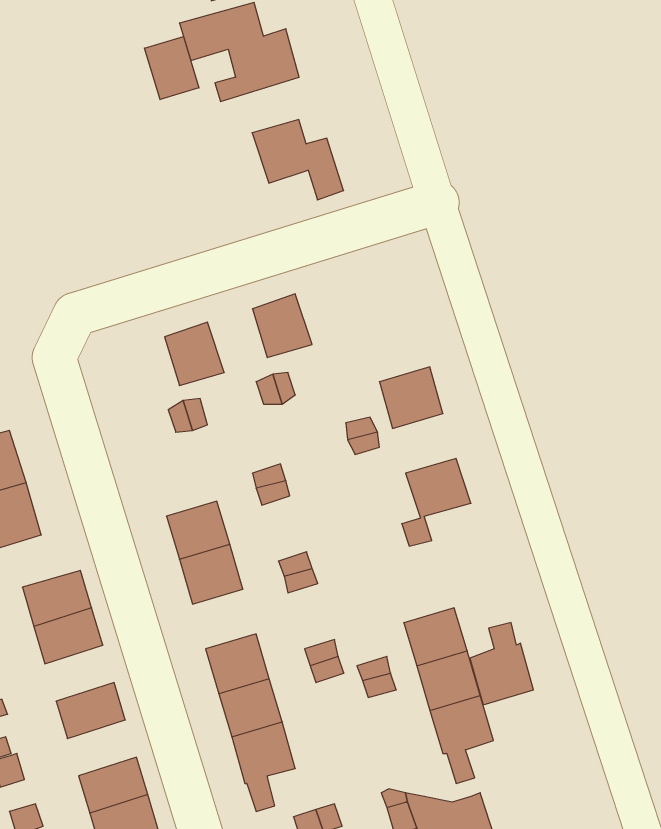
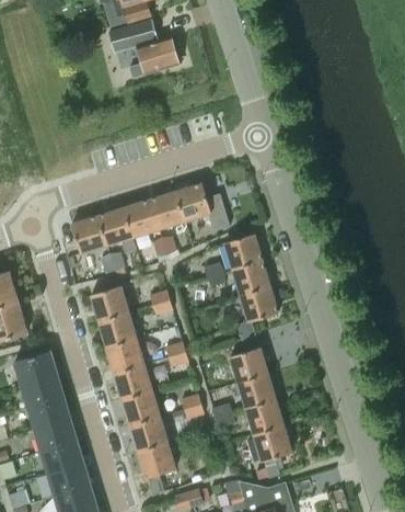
building: [144,36,199,100] -> none
building: [252,120,344,200] -> [175,183,229,230]
building: none -> [124,200,159,237]
building: none -> [72,216,107,253]
building: none -> [232,261,269,296]
building: none -> [91,285,129,321]
building: none -> [115,364,152,399]
building: [470,623,533,705] -> [231,335,268,384]
building: none -> [28,397,69,430]
building: none -> [42,441,82,474]

